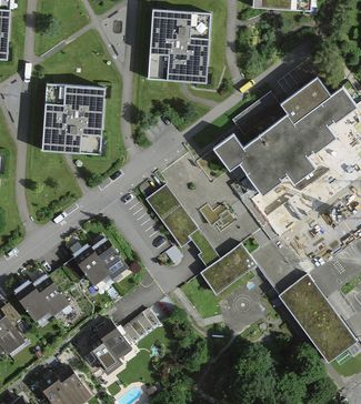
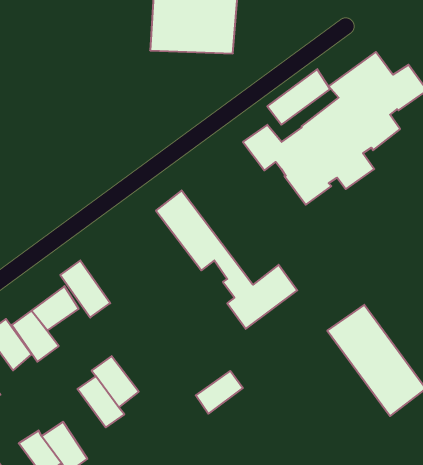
building: [39,77,108,152] -> none
building: [89,232,128,275] -> none
building: [122,306,159,340] -> [196,371,243,414]

